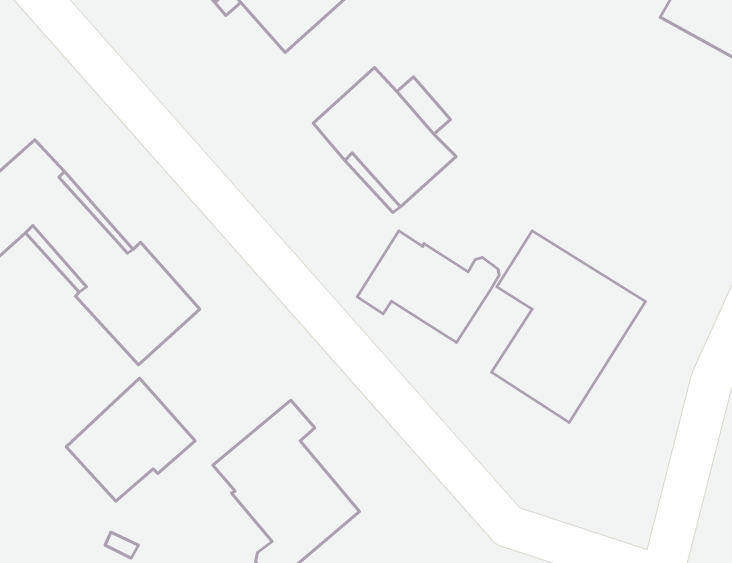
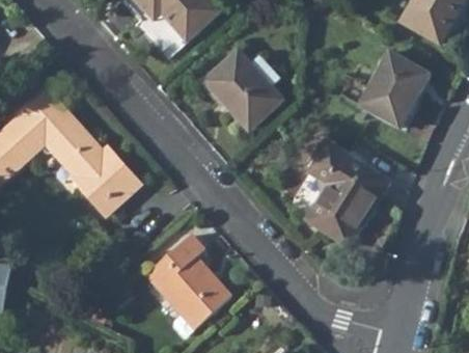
building: none -> [358,51,429,128]
building: [357,231,499,343] -> none
building: [66,378,195,501] -> none

